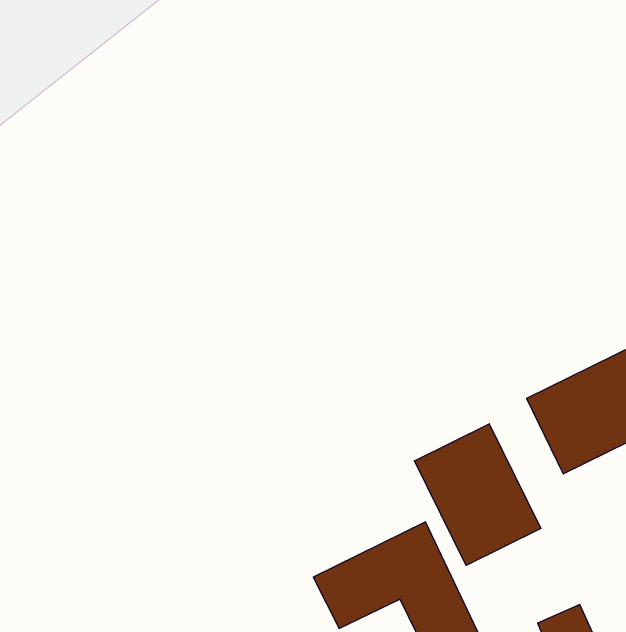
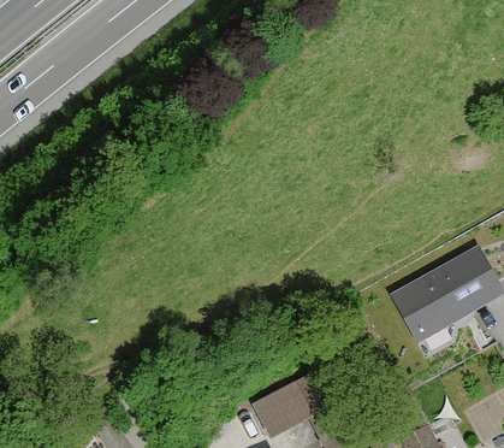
building: [415,424,541,565] -> none

